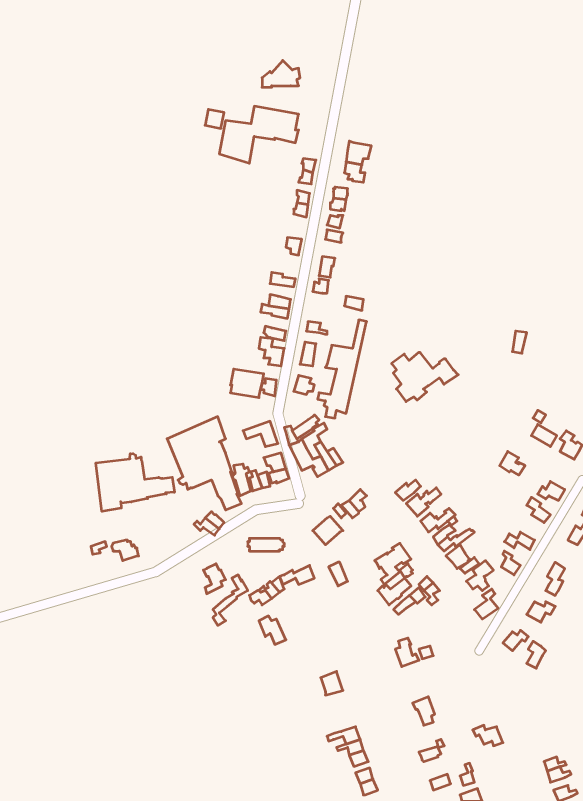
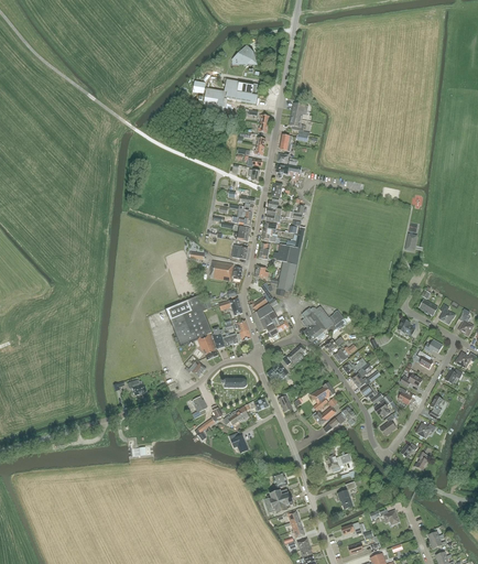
building: [392,353,458,402] -> [300,306,346,340]
building: [96,454,174,511] -> none
building: none -> [263,489,293,514]

